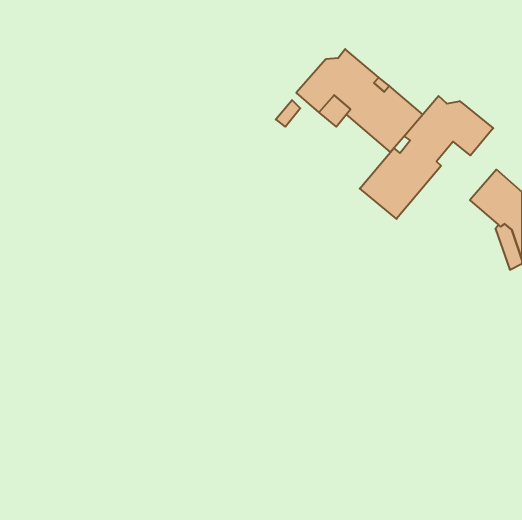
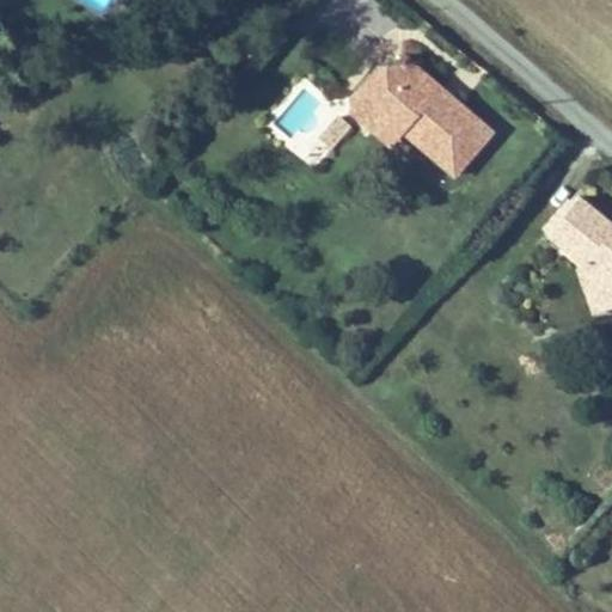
building: [360,96,493,219] -> none

